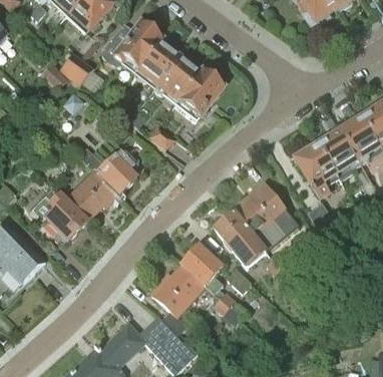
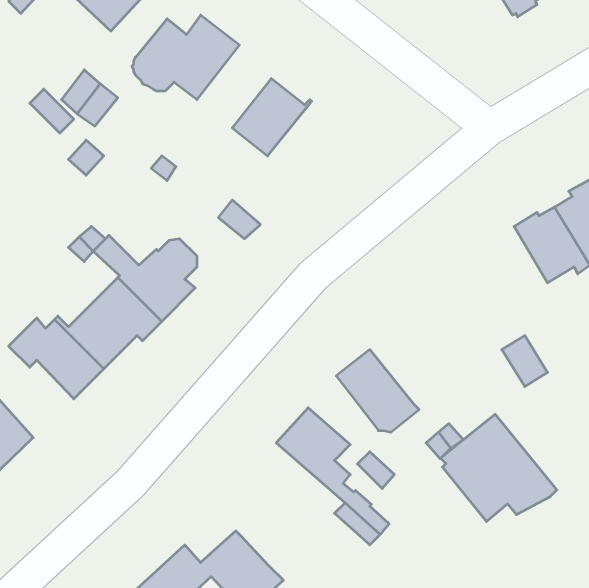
building: [136,39,178,86] -> none
building: [176,71,223,118] -> none
building: [296,142,336,198] -> none
building: [234,182,300,244] -> [441,414,557,522]
building: [151,266,205,336] -> none

